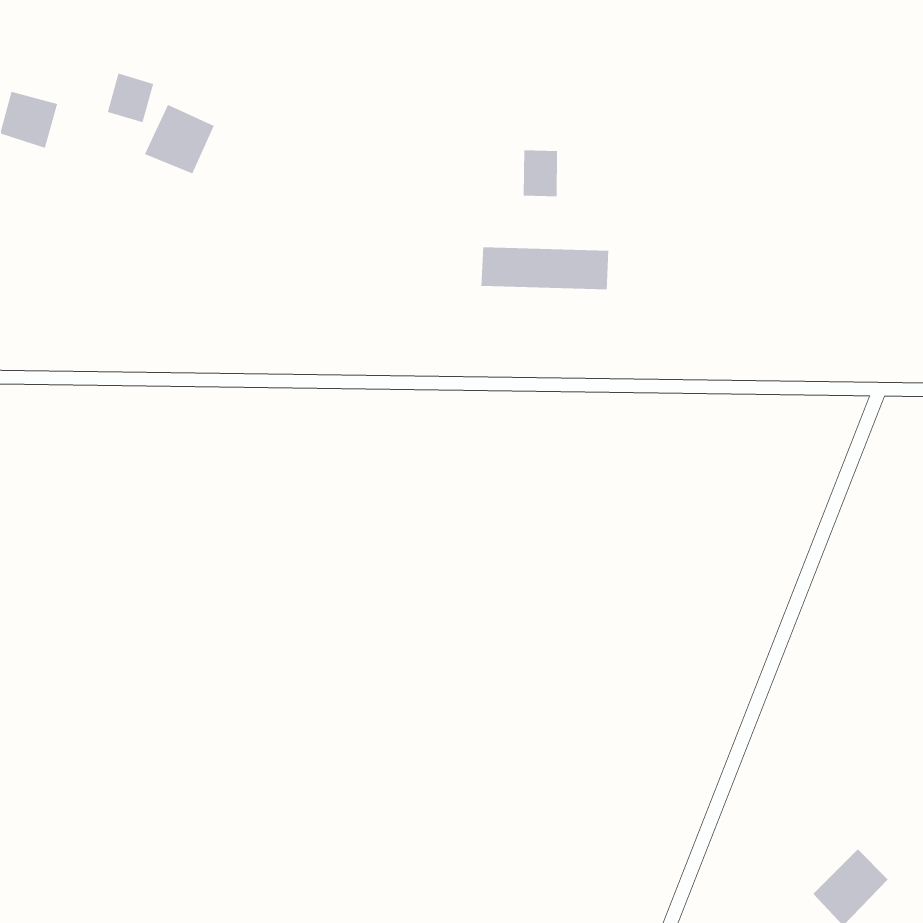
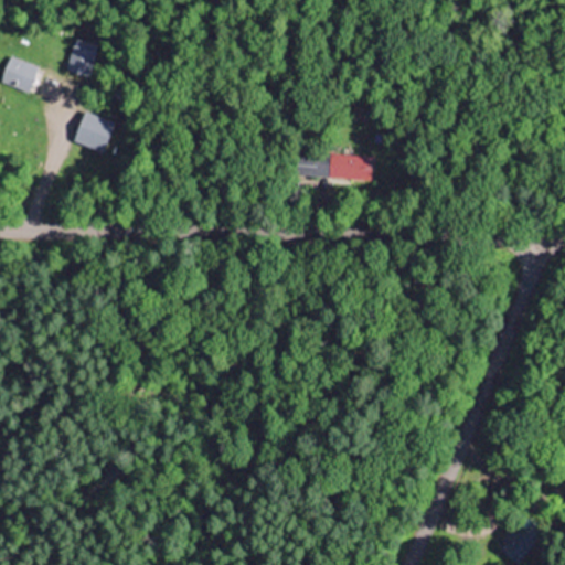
building: [144,104,215,174] -> [73,110,116,153]
building: [523,150,558,197] -> none

